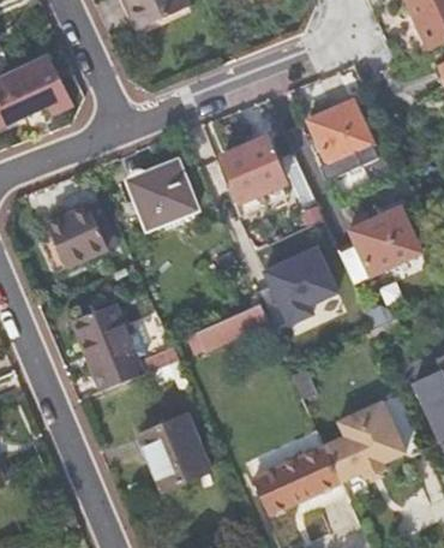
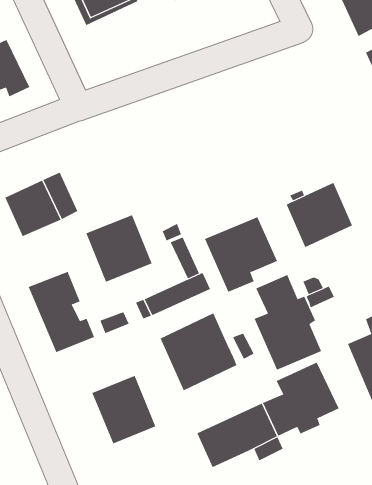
building: [307,100,377,180] -> none
building: [221,137,283,201] -> none
building: [125,157,197,231] -> [86,214,153,282]
building: none -> [254,274,322,371]
building: none -> [160,313,237,391]

